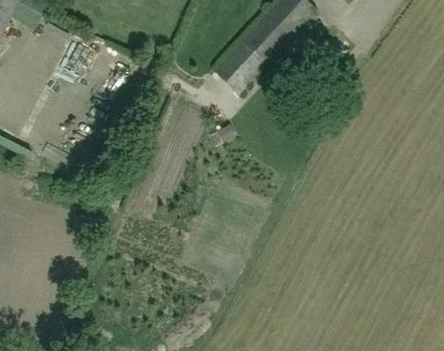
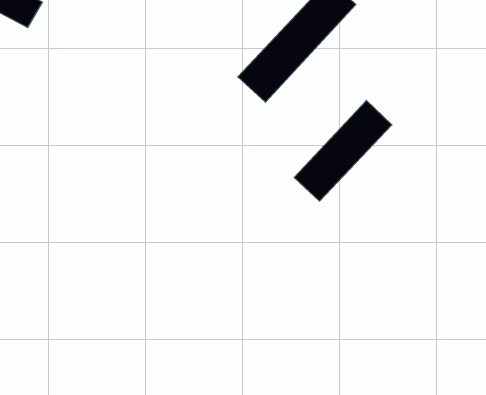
building: none -> [294,100,392,201]

